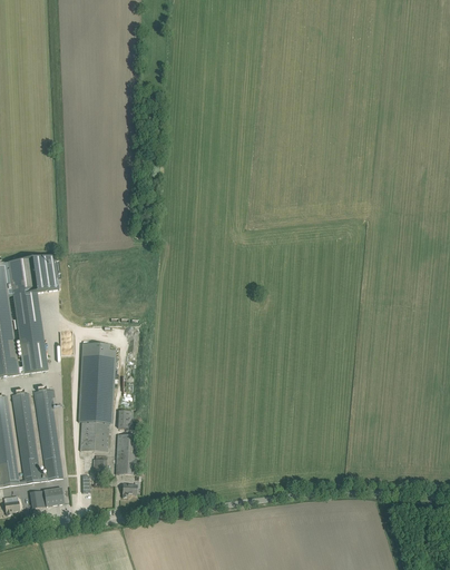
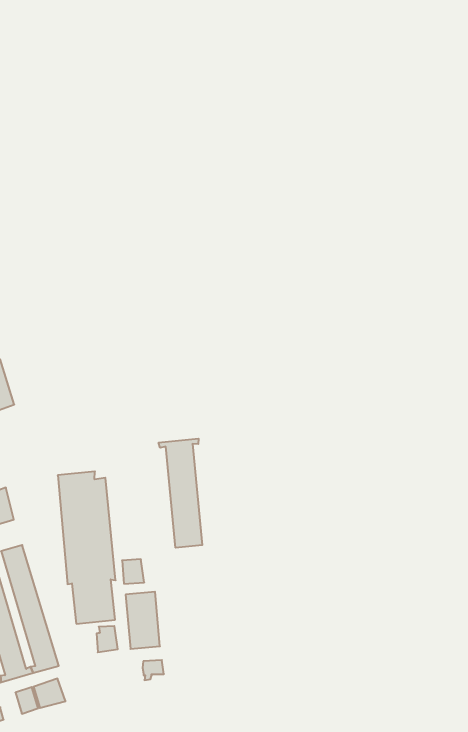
building: none -> [159,439,202,548]

